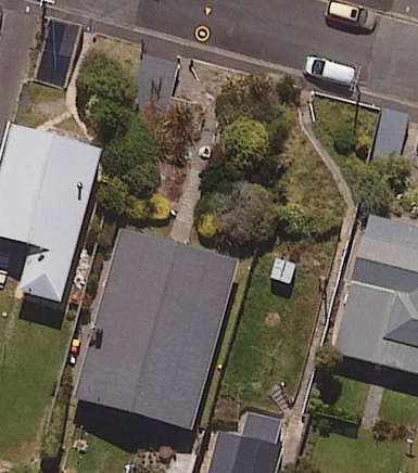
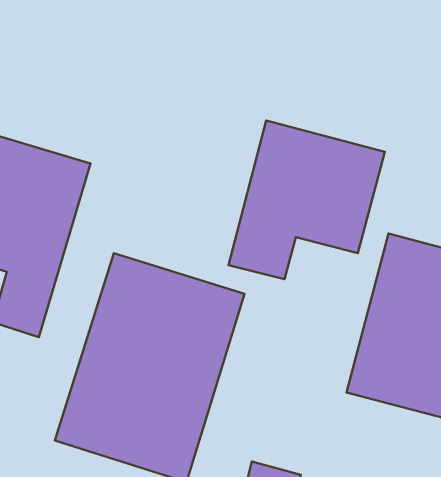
building: none -> [229,121,385,279]

